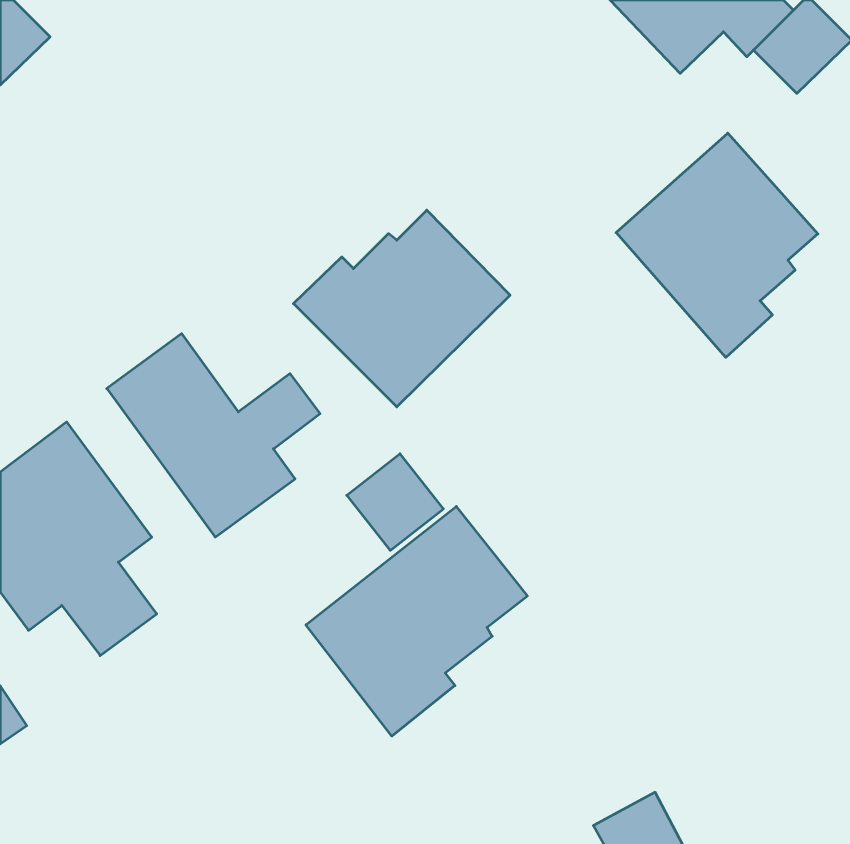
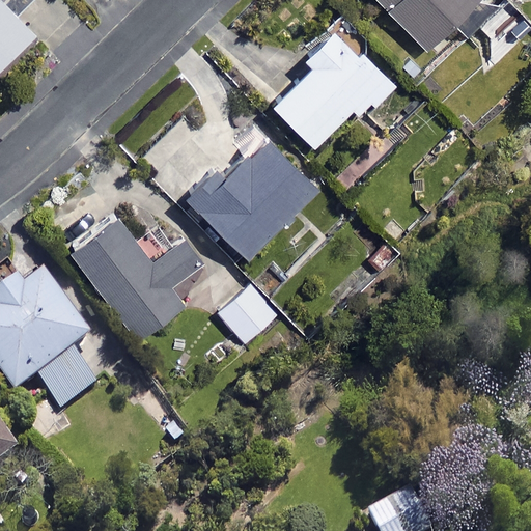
building: none -> [270,22,396,146]
building: [616,133,818,357] -> none
building: [306,506,527,736] -> none

